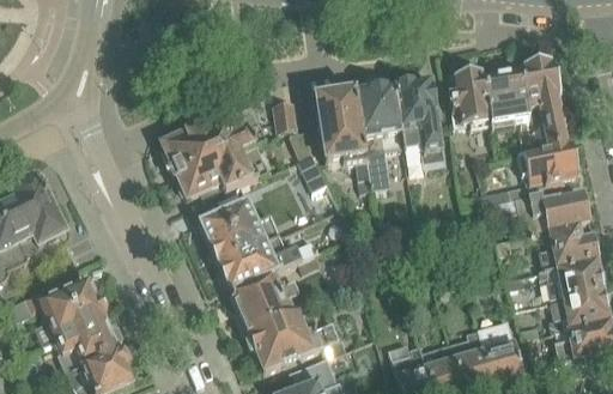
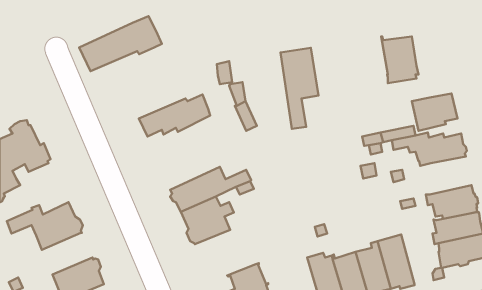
building: [520,57,571,146] -> none
building: [449,68,491,126] -> none
building: [394,77,444,165] -> none
building: [315,90,370,189] -> none
building: [163,103,267,172] -> [79,16,162,71]
building: [198,198,279,262] -> none
building: [539,220,596,268] -> none
building: [245,310,339,370] -> none
building: [55,316,122,370] -> none

